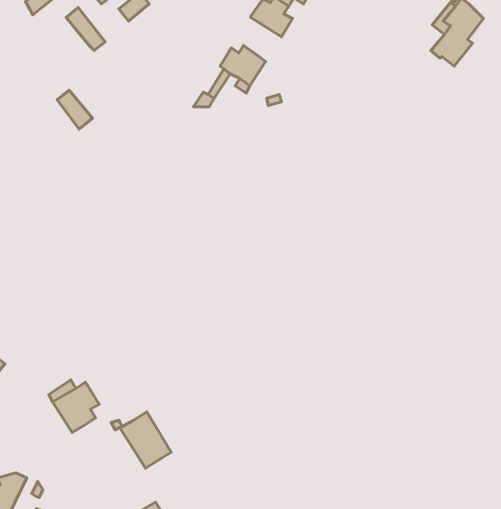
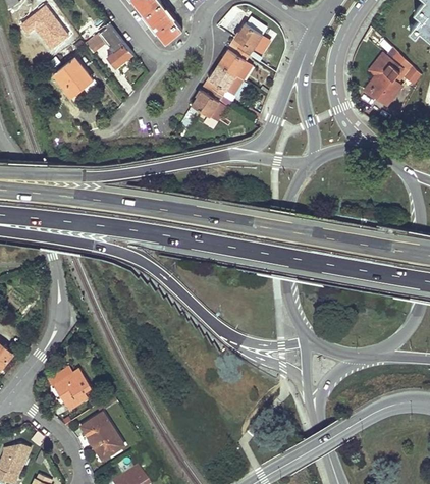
building: none -> [208,65,243,102]
building: [57,90,93,129] -> [53,65,83,98]
building: [120,412,171,468] -> [80,413,123,460]

